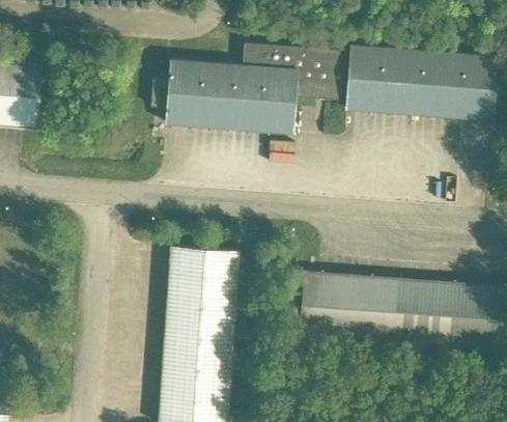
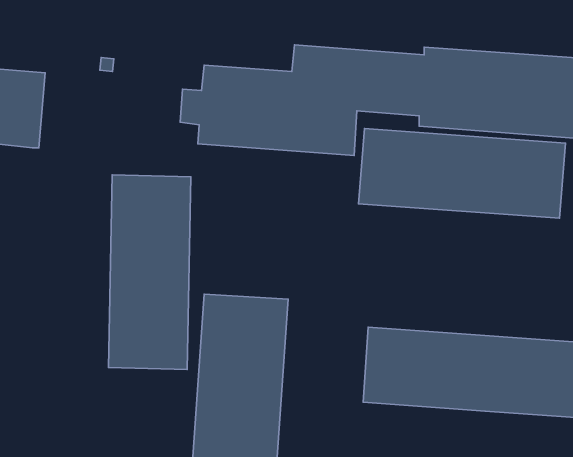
building: none -> [359,129,565,218]
building: none -> [108,175,191,370]

